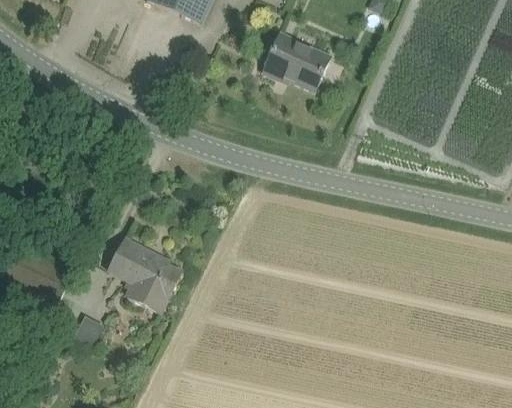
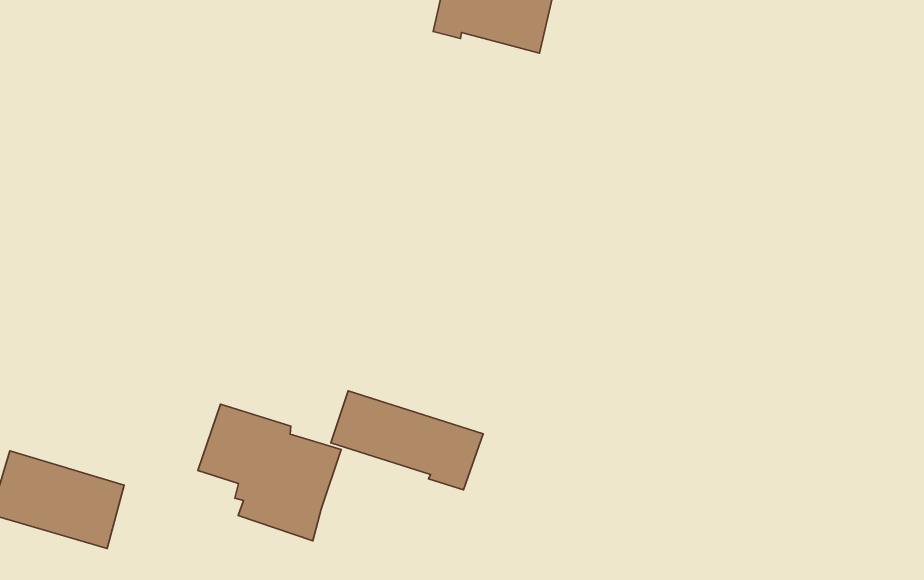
building: none -> [331,391,483,490]

